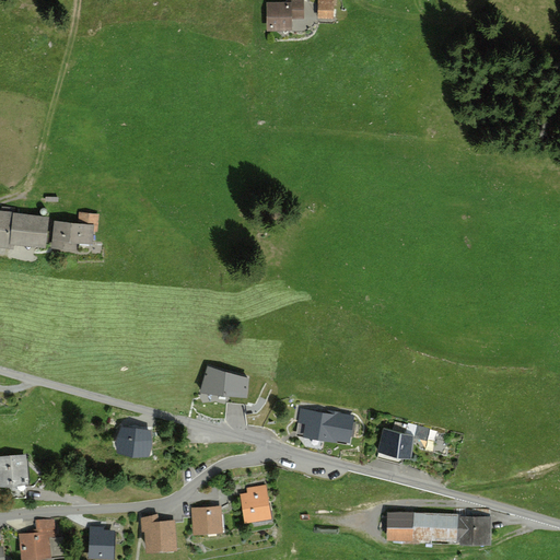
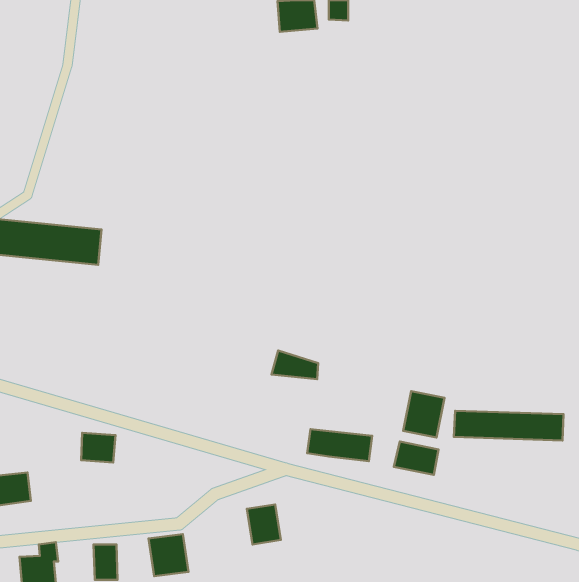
building: [197,369,242,396] -> [271,351,318,379]
building: none -> [403,391,444,437]
building: [119,425,152,454] -> [81,433,115,462]
building: [194,503,223,533] -> none
building: [387,512,492,540] -> [454,411,564,440]

